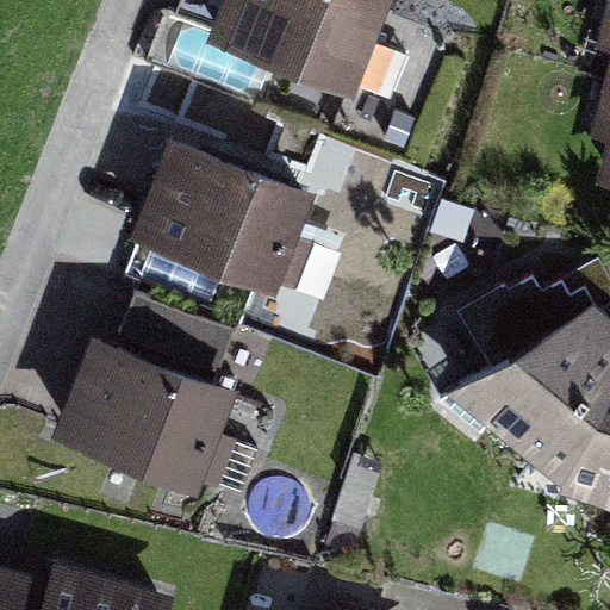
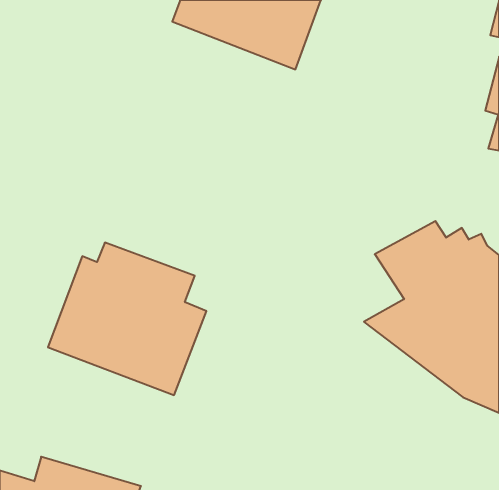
building: [133,141,322,298] -> none

